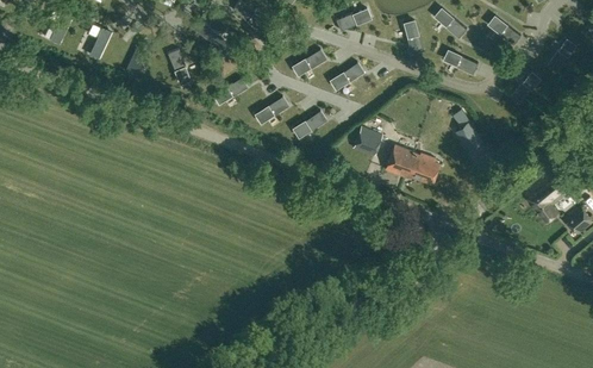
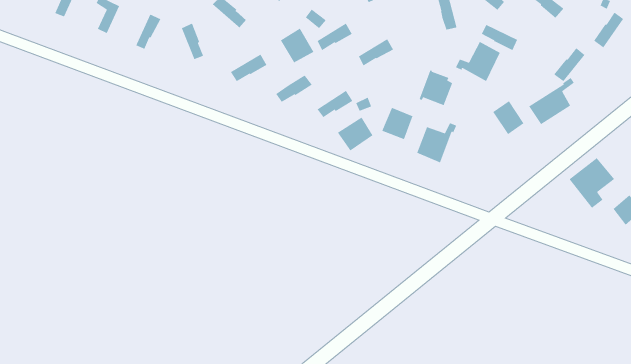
building: none -> [280,28,314,64]
building: none -> [455,41,501,82]
building: none -> [528,77,575,125]
building: none -> [337,116,374,151]
building: [407,150,439,185] -> [418,69,453,106]

